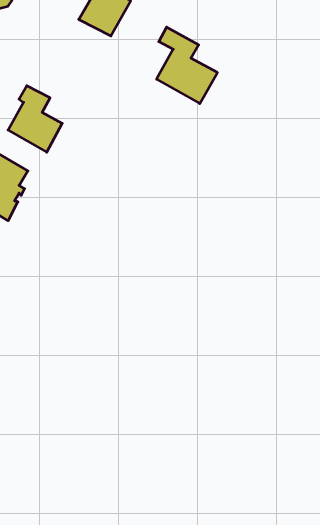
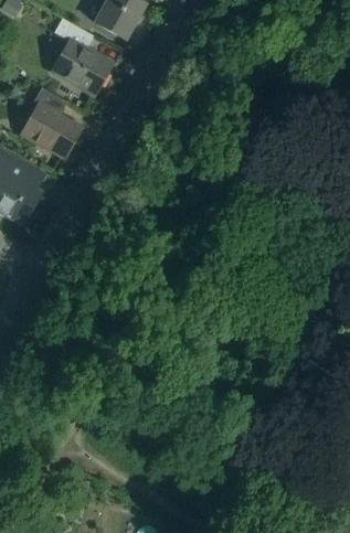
building: [157,27,217,104] -> [54,19,115,95]

